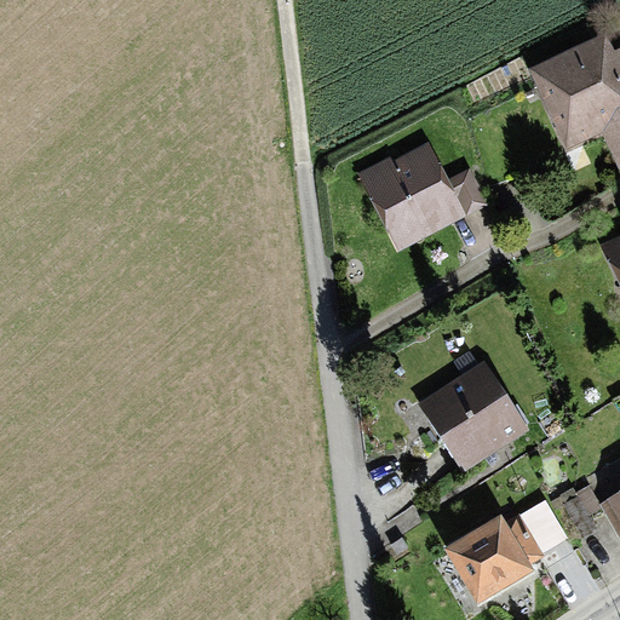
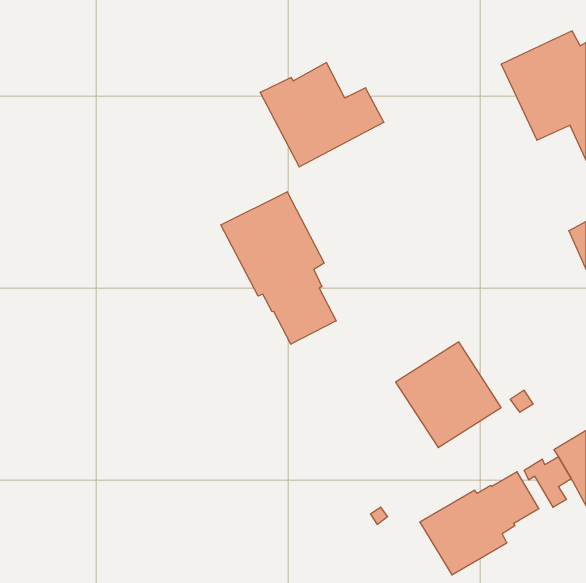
building: [357,140,488,251] -> [260,63,384,167]
building: none -> [221,192,336,344]

